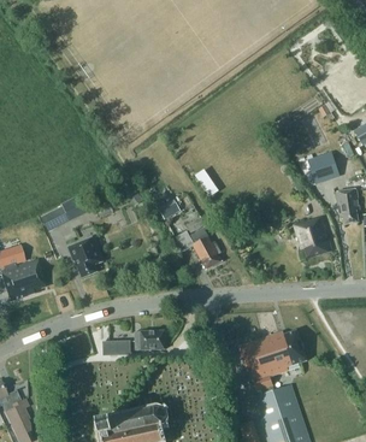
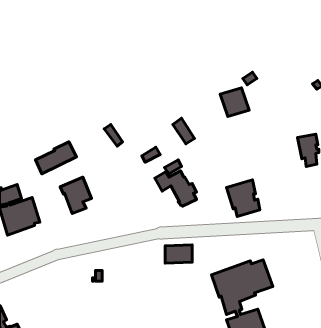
building: [307,152,340,184] -> [220,88,249,117]
building: [294,217,331,258] -> [227,180,260,216]
building: [135,330,165,350] -> [165,245,192,263]

